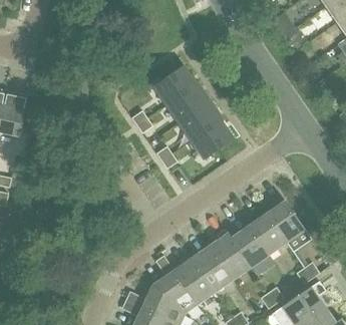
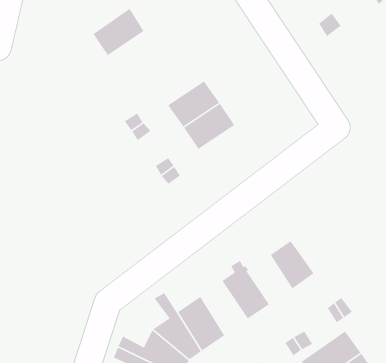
building: [153,65,196,104] -> [93,8,145,56]
building: [191,120,234,159] -> none
building: [266,201,304,241] -> none
building: [231,226,267,266] -> none
building: [193,247,231,291] -> none

